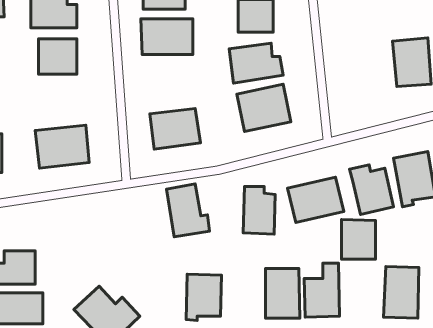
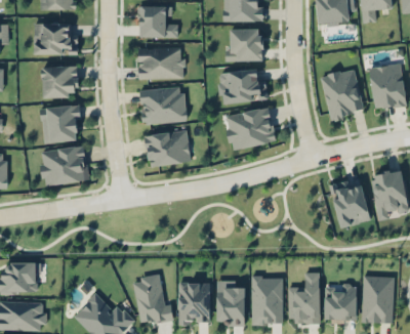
building: none -> [321,69,364,119]
building: none -> [138,86,187,124]
building: none -> [41,105,81,141]
building: [288,177,344,223] -> none
building: [167,184,210,237] -> [133,275,173,324]
building: [243,187,275,234] -> [216,281,246,325]
building: [341,220,376,259] -> [326,285,358,322]

